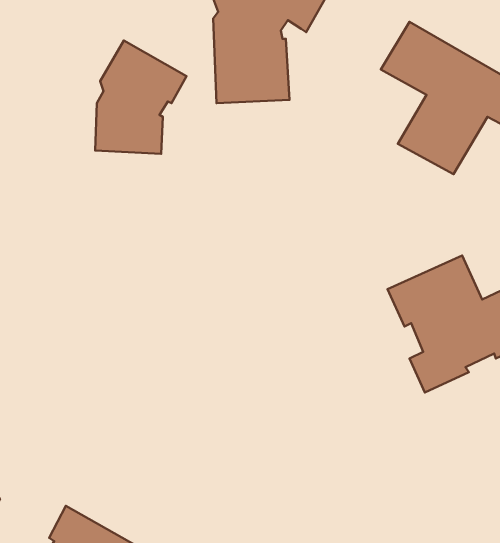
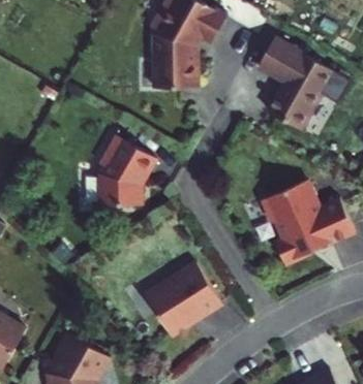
building: [95,41,187,154] -> [99,136,155,205]
building: none -> [145,262,219,335]

